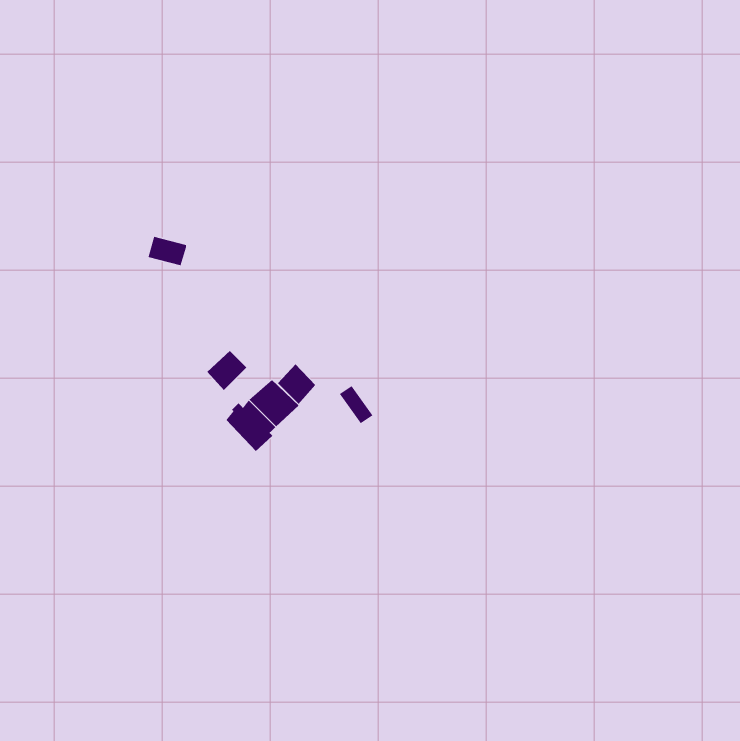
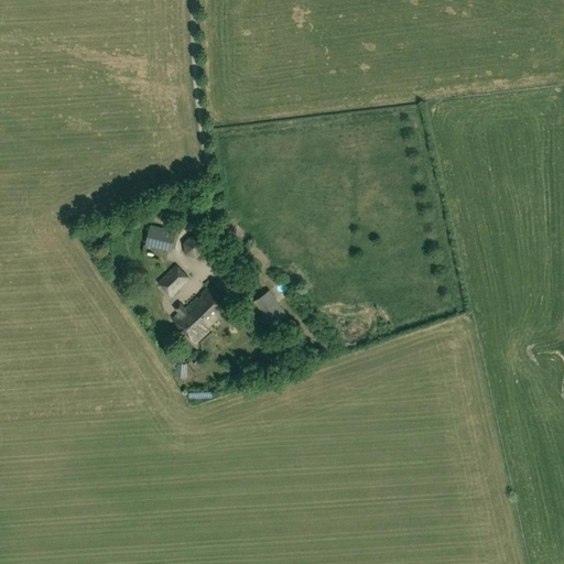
building: [148,236,187,266] -> [144,226,174,249]
building: [277,363,316,405] -> none

